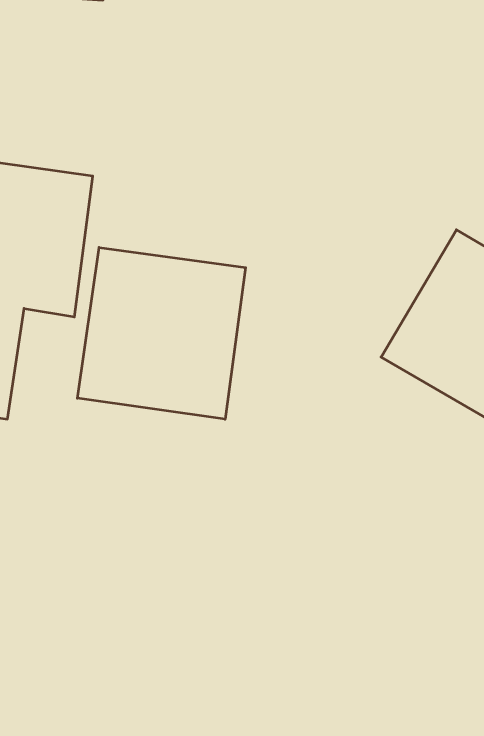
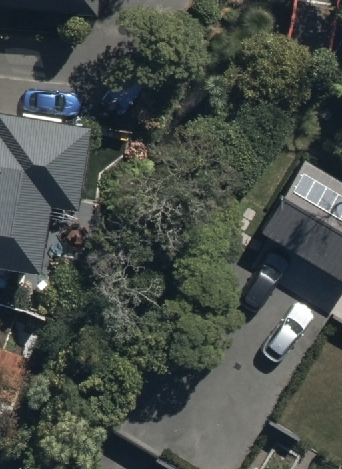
building: [77,247,246,419] -> none

